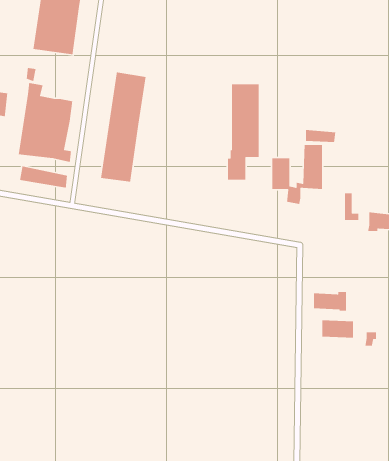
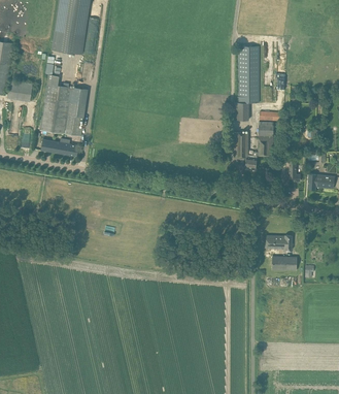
building: [100,72,146,182] -> none
building: [227,84,260,181] -> [235,45,260,120]

